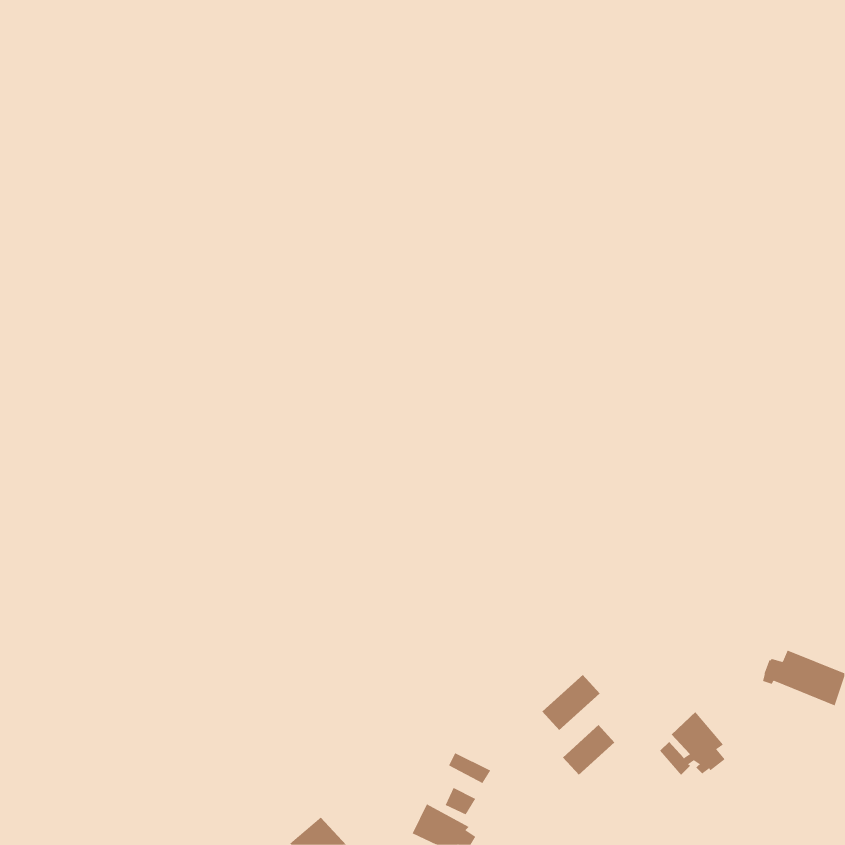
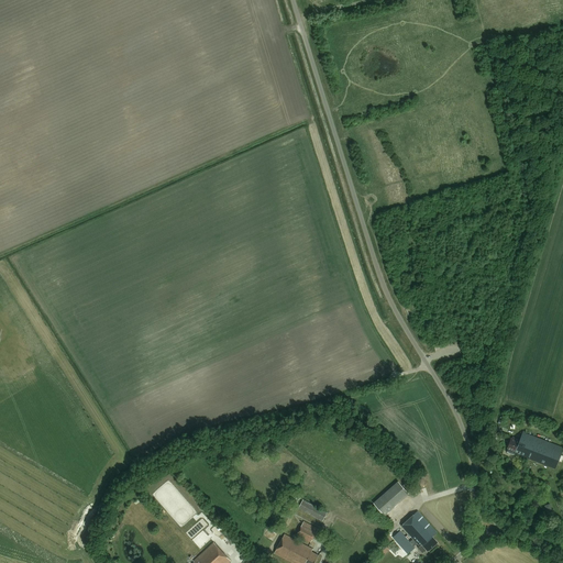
building: [542,674,600,731] -> none
building: [659,711,725,776] -> [394,511,438,554]

